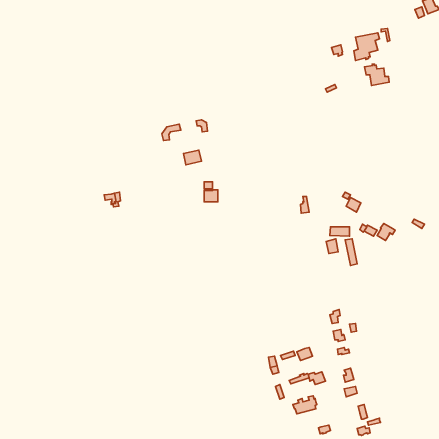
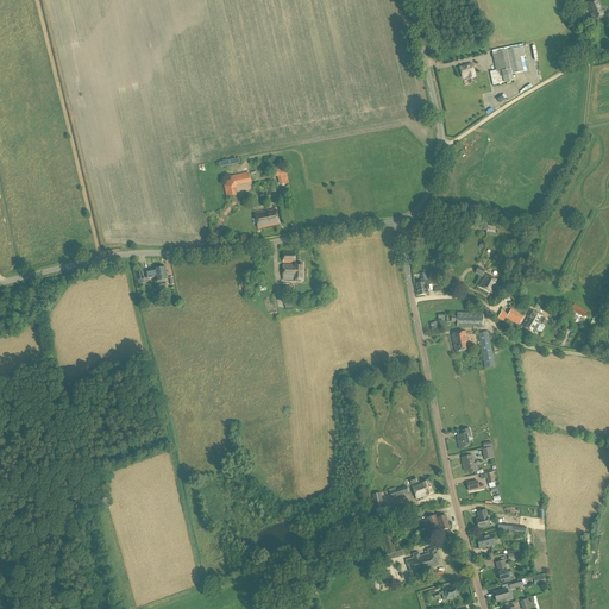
building: [365,64,389,85] -> none

